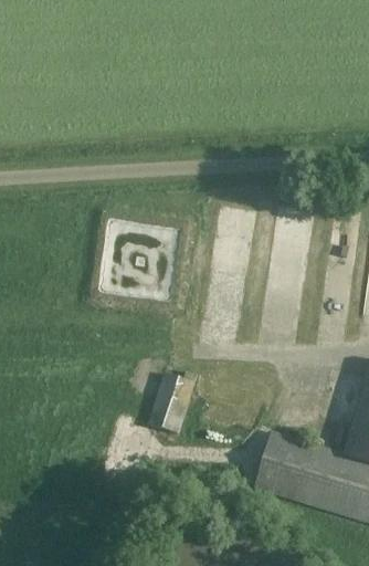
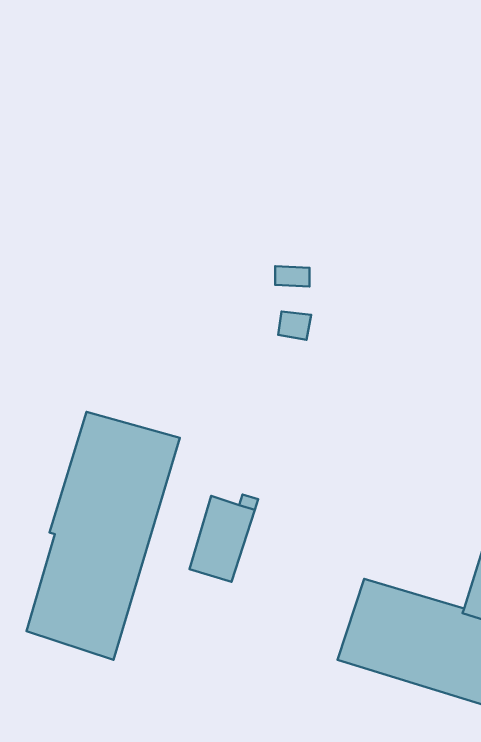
building: none -> [26,412,180,660]

